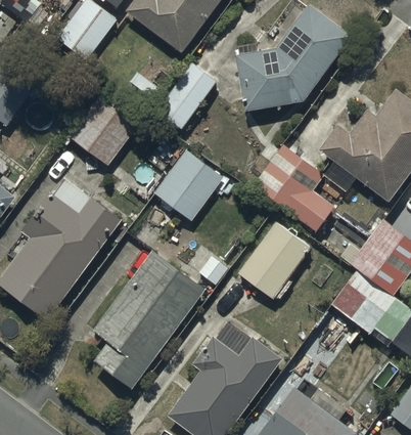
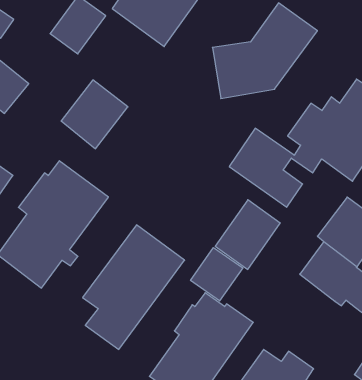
building: [157,63,217,130] -> none
building: [154,149,236,225] -> none
building: none -> [191,248,243,301]

